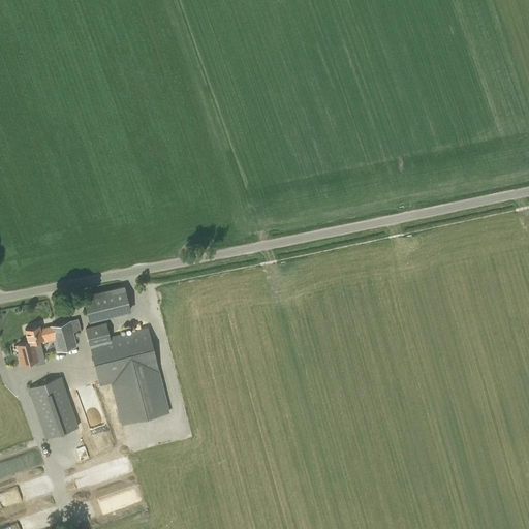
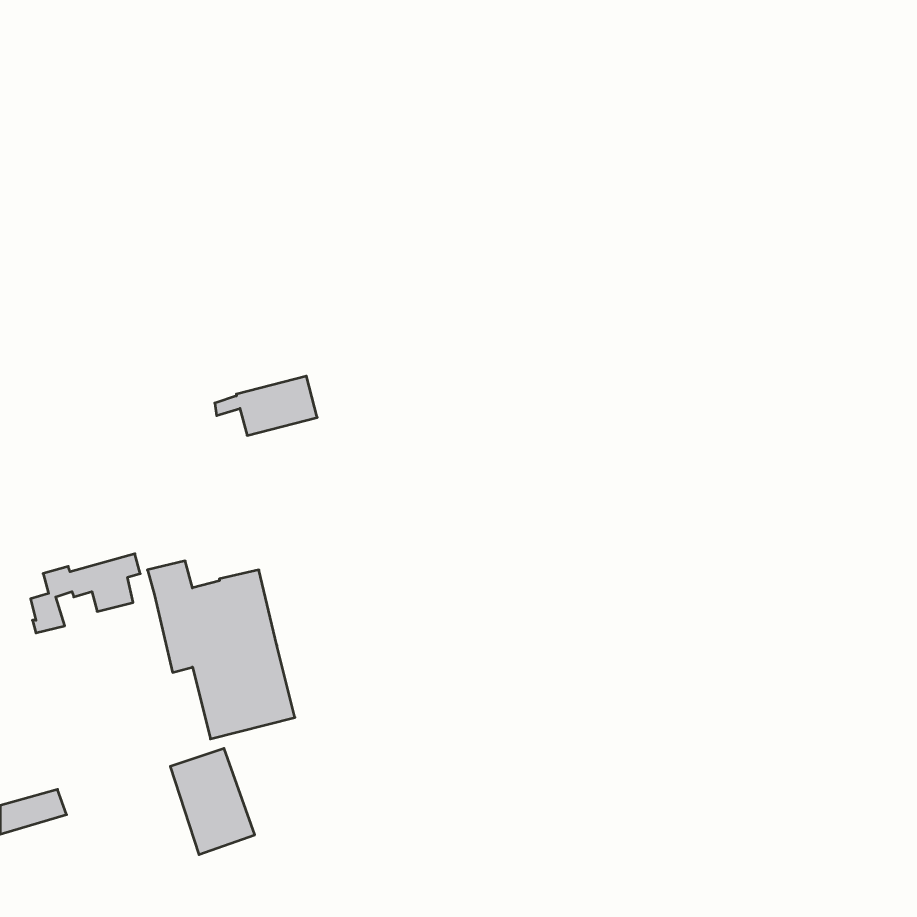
building: [72,287,131,321] -> [215,376,317,435]
building: [30,379,79,440] -> [170,748,255,855]

